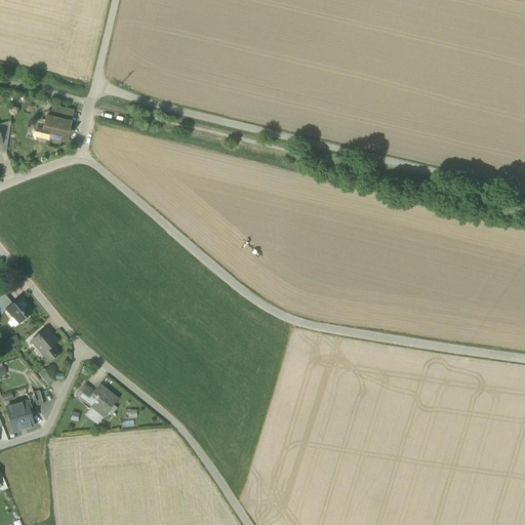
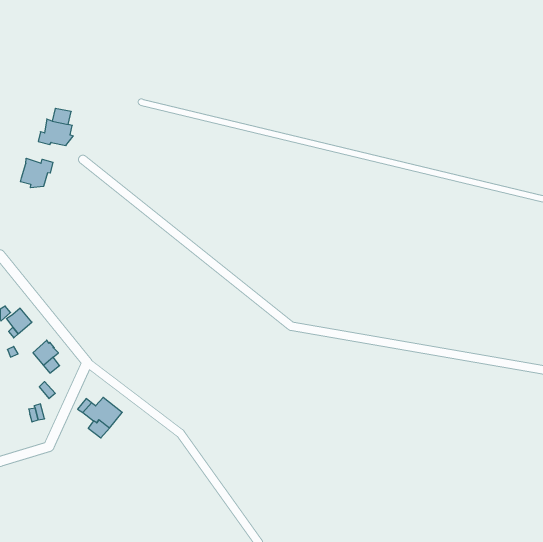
building: none -> [20,158,53,188]
building: [6,401,33,431] -> none

